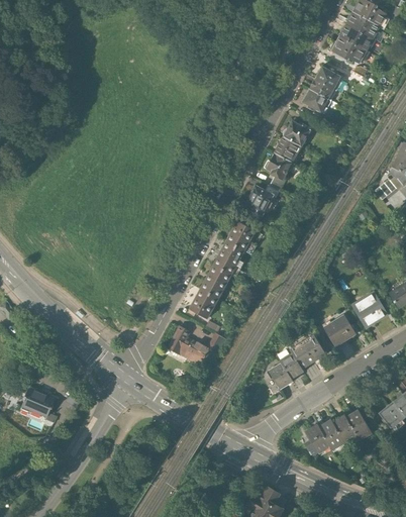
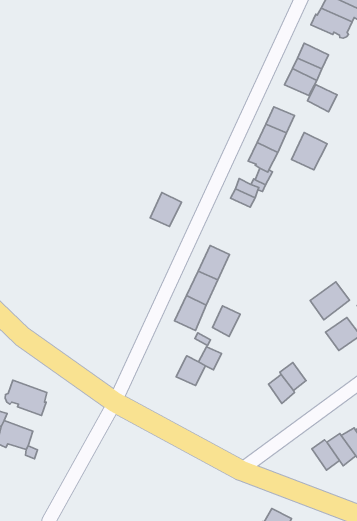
building: none -> [308,84,337,112]
building: none -> [292,132,327,170]
building: [224,221,253,252] -> [150,192,181,227]
building: none -> [212,306,240,336]
building: [167,325,196,359] -> none
building: [291,336,326,370] -> [310,282,349,320]
building: none -> [5,380,47,416]

